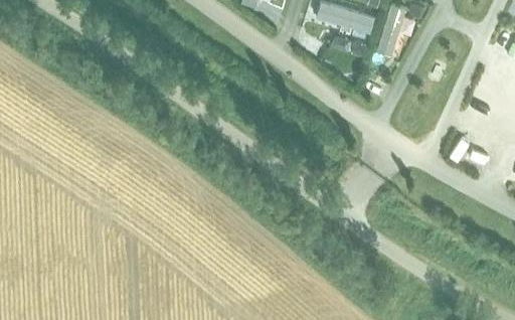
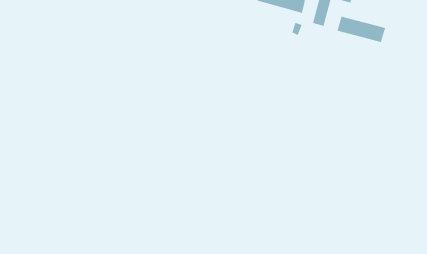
building: none -> [337,16,386,43]

